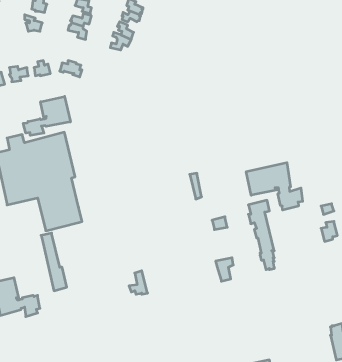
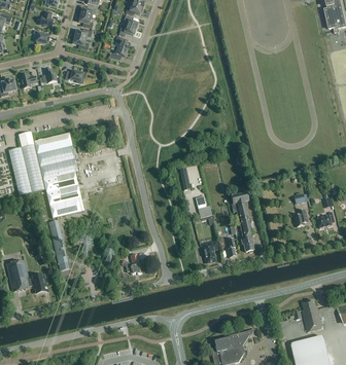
building: [23,96,70,135] -> none
building: [246,163,303,210] -> none

